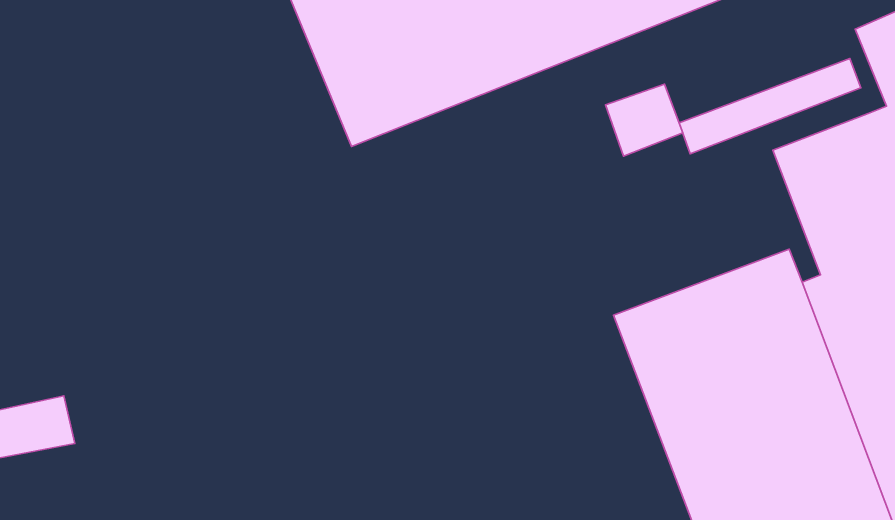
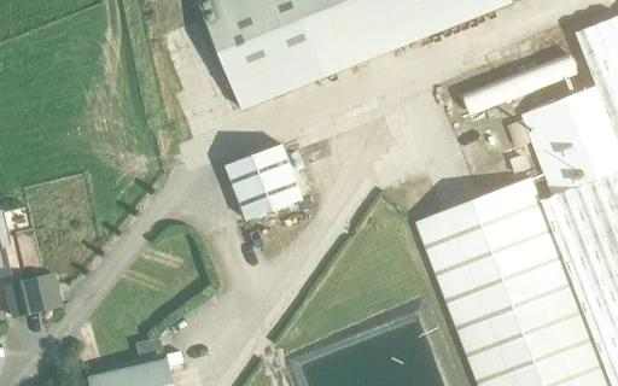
building: [605,84,683,156] -> none
building: none -> [226,142,304,218]

